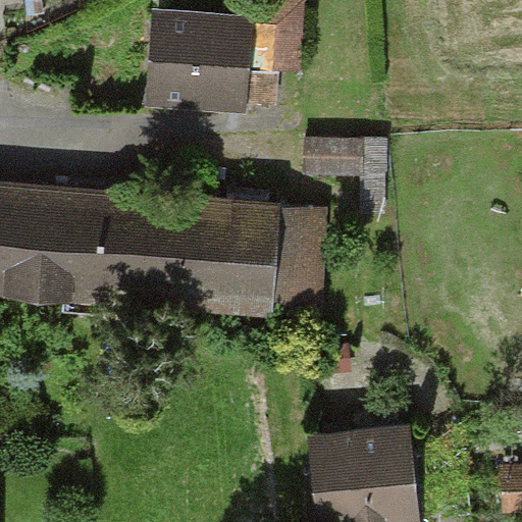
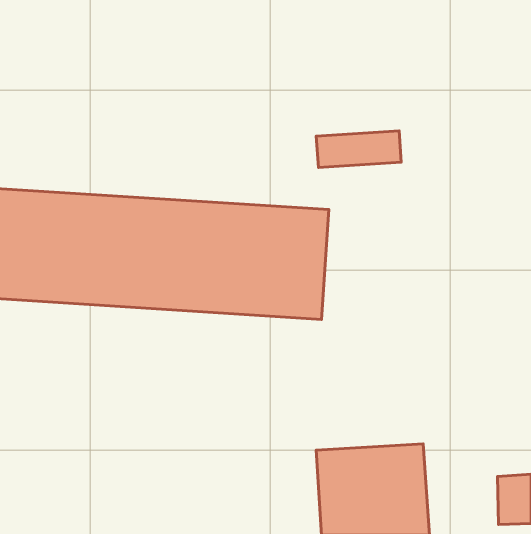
building: [148,16,255,112] -> none

